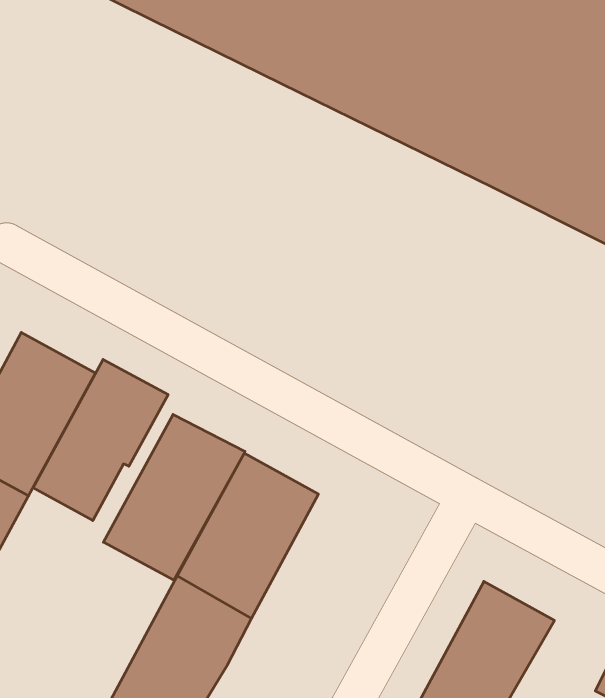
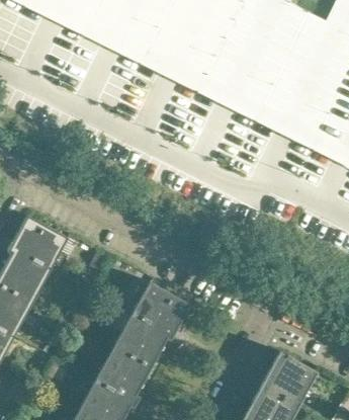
building: [33,359,168,521] -> none
building: [103,414,245,580] -> none

